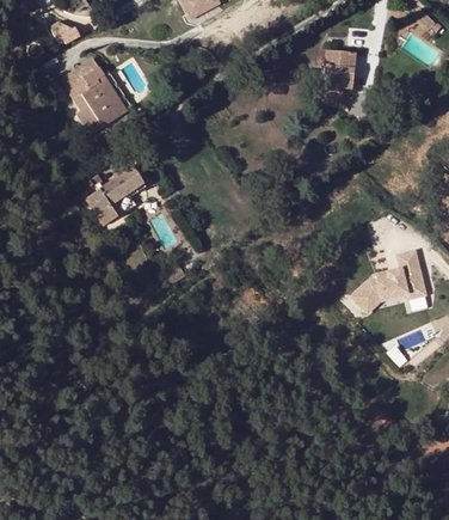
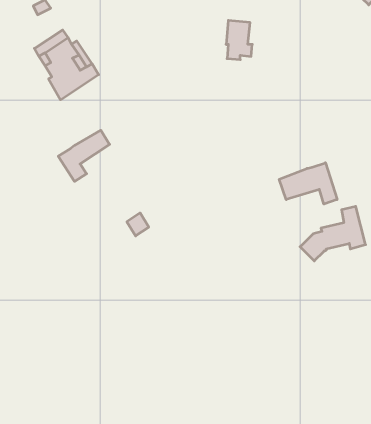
building: [325,49,353,92] -> [226,20,252,60]
building: none -> [279,163,337,204]

